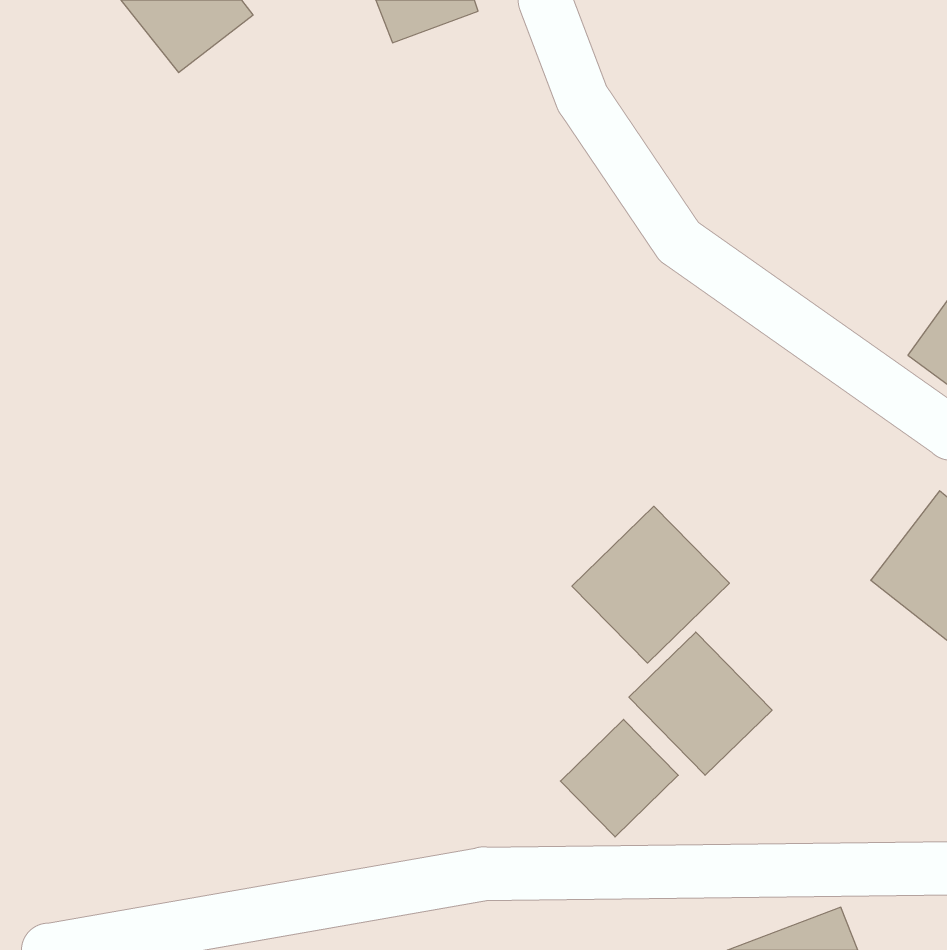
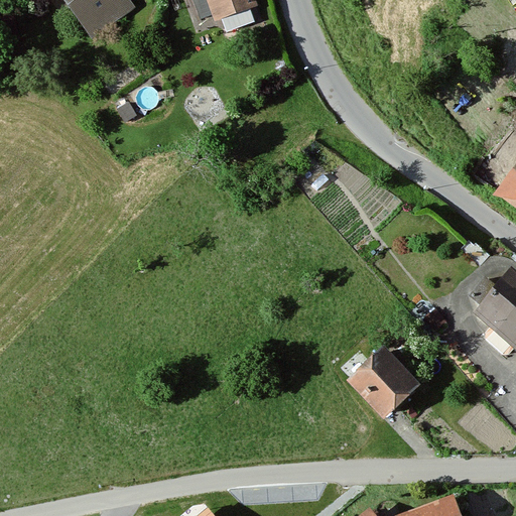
building: [572,506,729,663] -> none
building: [560,719,678,837] -> none

